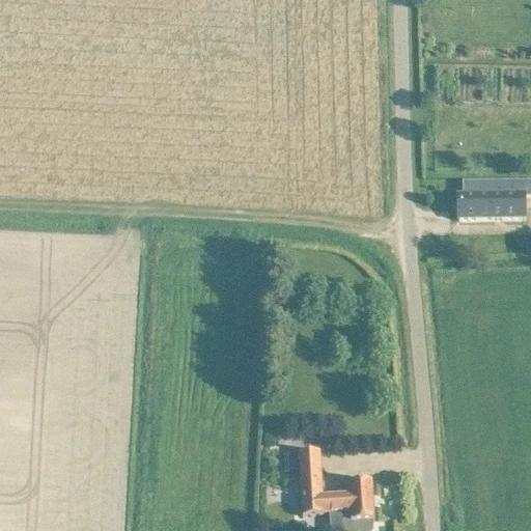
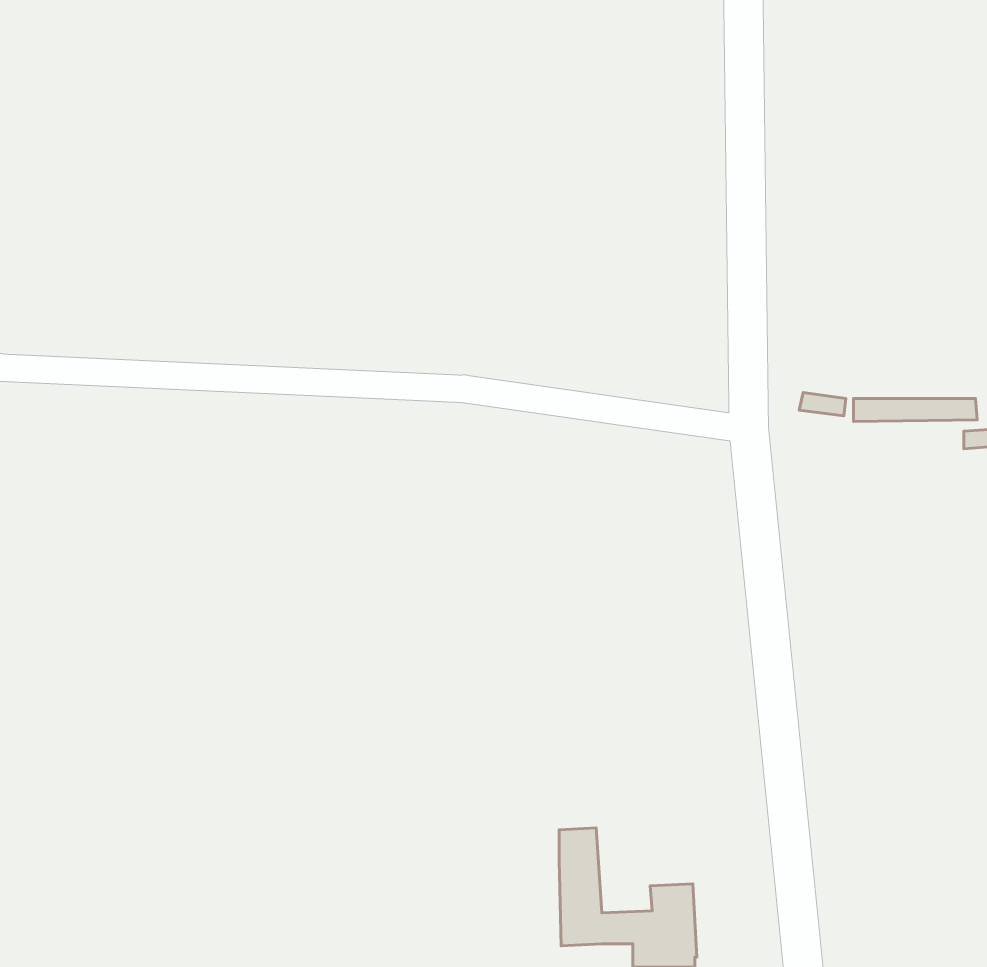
building: [459,178,524,211] -> none

